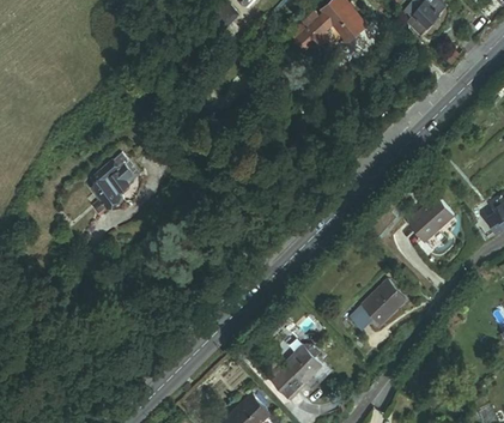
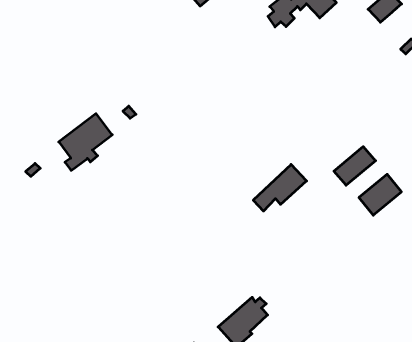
building: none -> [334,147,376,185]
building: [348,279,405,332] -> [253,164,307,211]

